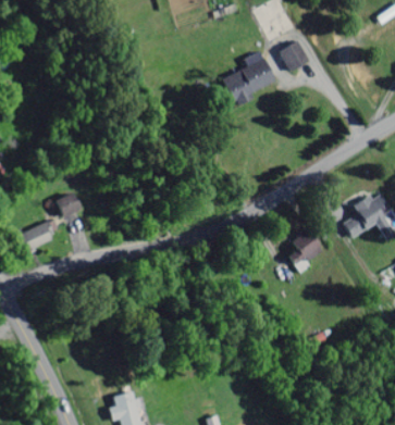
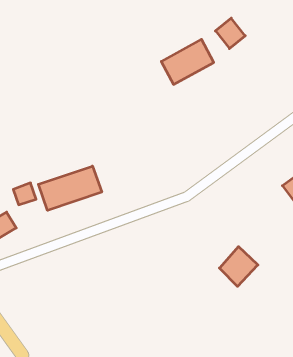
building: none -> [38,166,102,210]
building: [284,228,324,270] -> [219,247,258,286]

